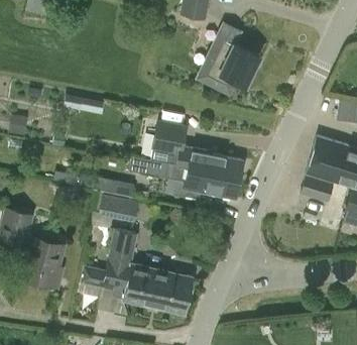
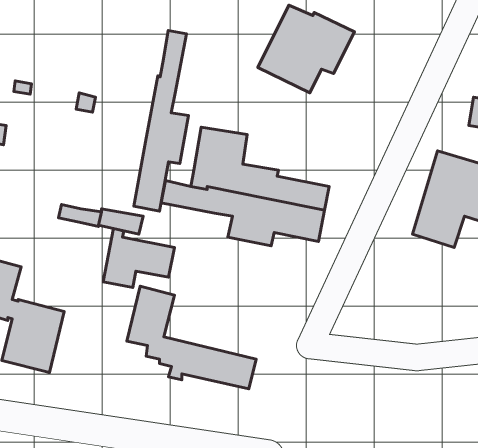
building: none -> [134,30,188,211]
building: [80,265,189,315] -> none

